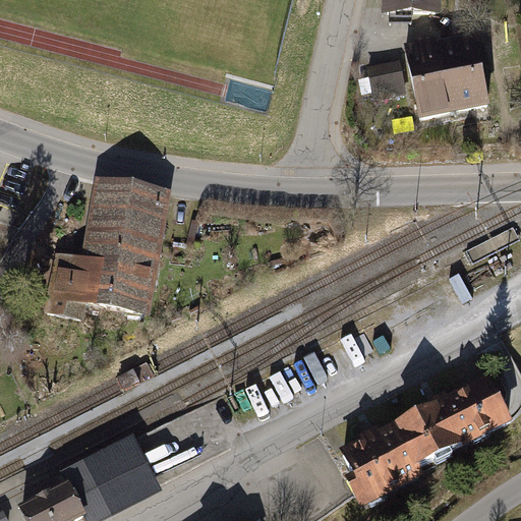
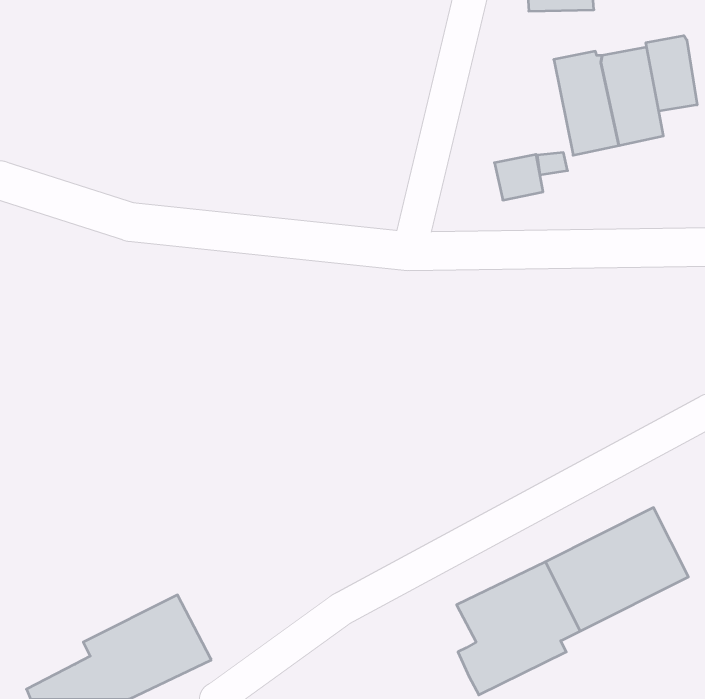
building: none -> [646,36,697,111]
building: [371,60,407,94] -> [494,154,543,200]
building: [45,180,168,321] -> none

